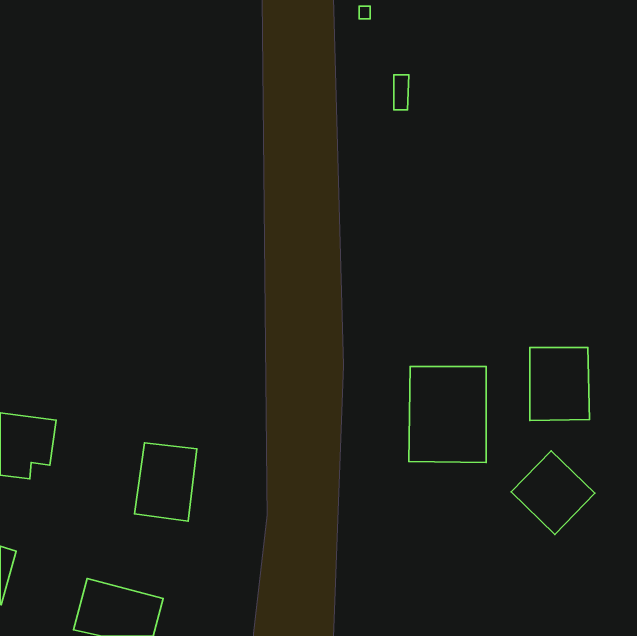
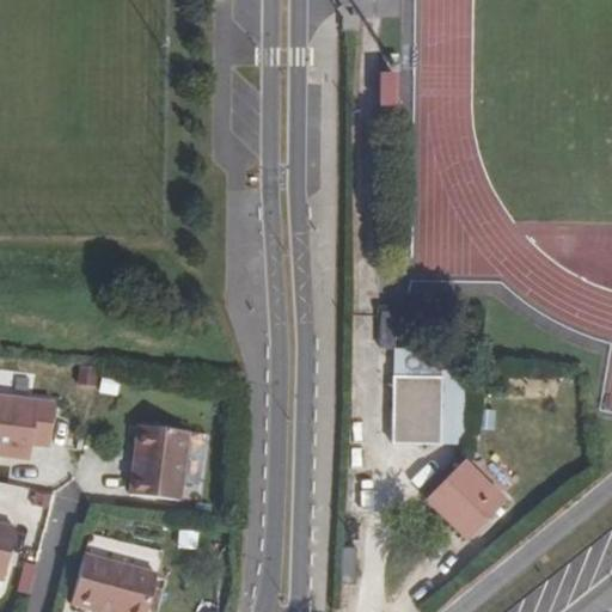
building: [530,347,589,421] -> none
building: [511,451,595,534] -> [427,460,507,540]

